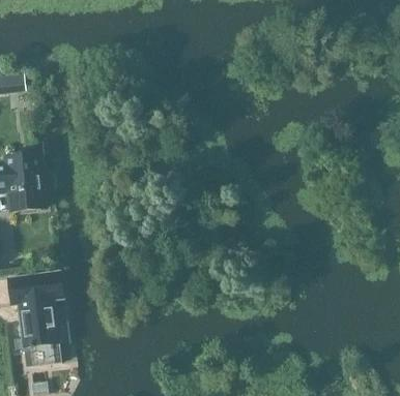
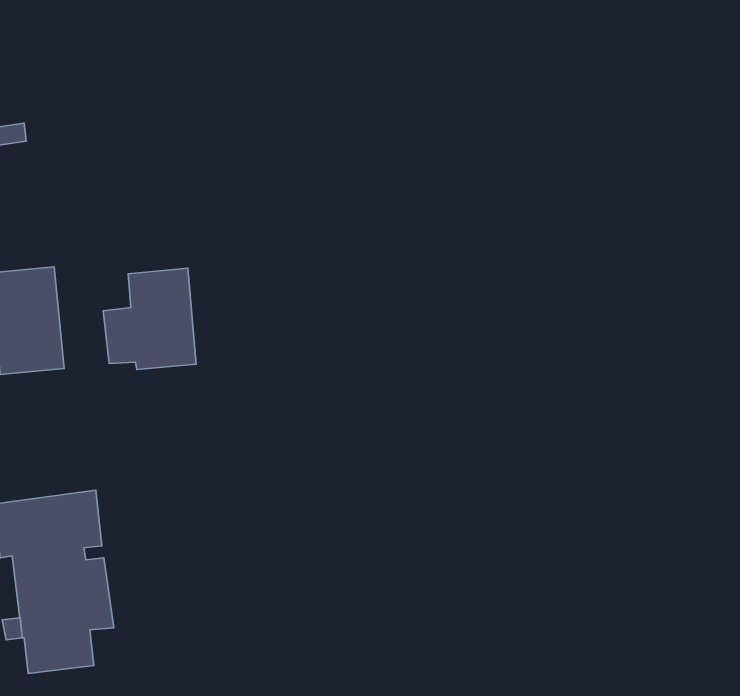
building: none -> [103,268,196,370]

